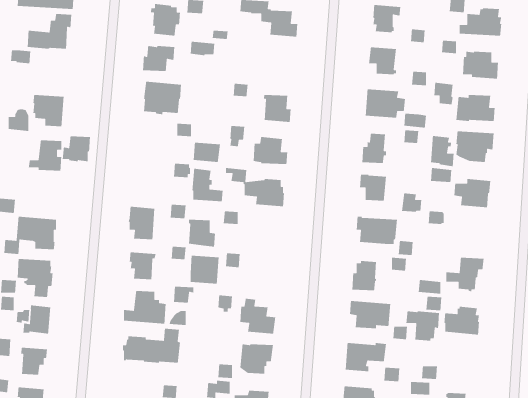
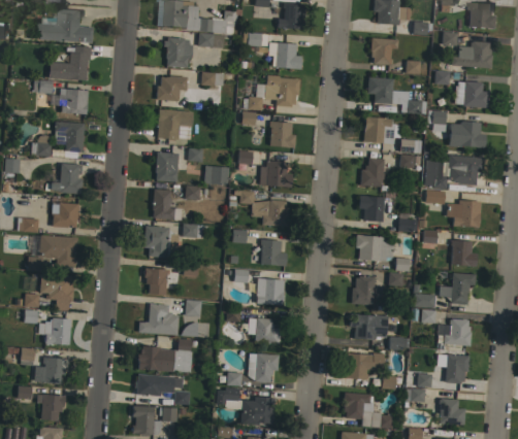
building: none -> [248,75,300,110]
building: none -> [60,89,89,114]
building: none -> [156,153,180,182]
building: [62,135,91,162] -> [53,203,79,228]
building: [191,168,224,202] -> [153,189,183,221]
building: [188,219,216,248] -> [261,240,287,267]
building: none -> [451,240,477,267]
building: [190,255,220,285] -> [257,278,285,306]
building: [406,310,440,341] -> [438,354,470,383]
building: none -> [137,374,184,397]

